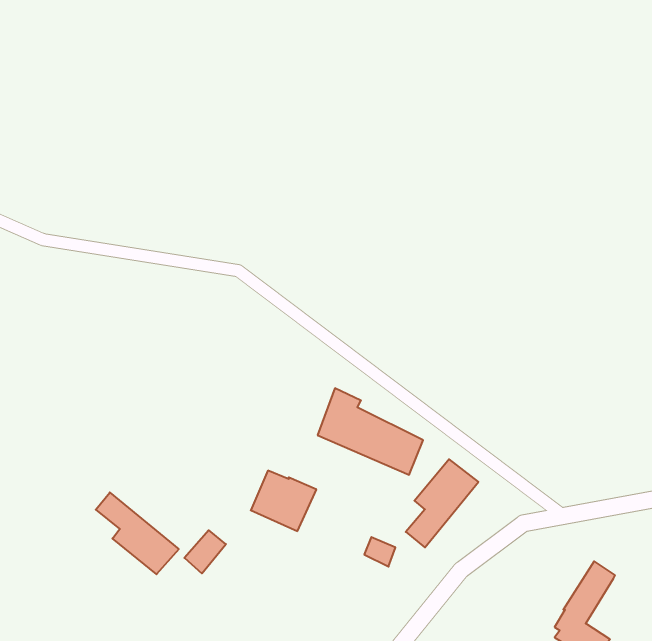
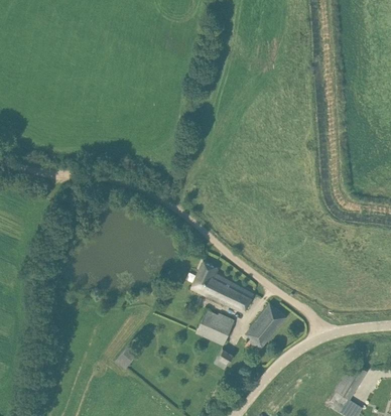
building: [251,471,316,531] -> [197,309,235,344]
building: [96,492,179,574] -> none

